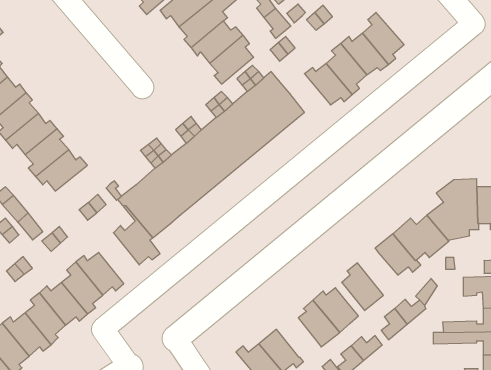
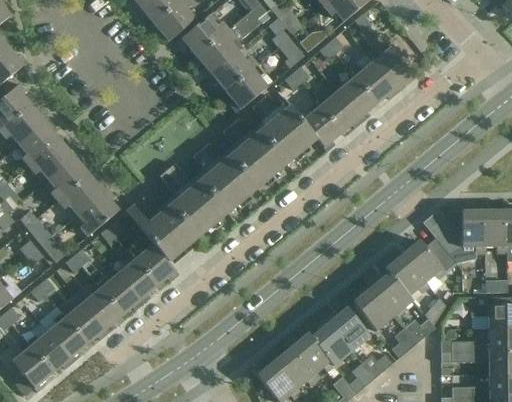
building: none -> [303,102,342,152]
building: none -> [77,190,119,237]
building: none -> [119,255,158,304]
building: none -> [368,274,412,315]
building: none -> [290,333,333,375]

